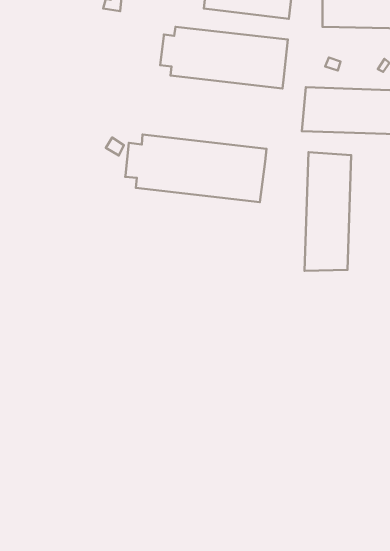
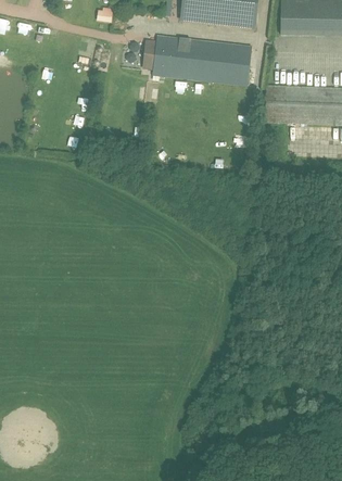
building: [125,134,267,202] -> none
building: [304,152,351,271] -> none

